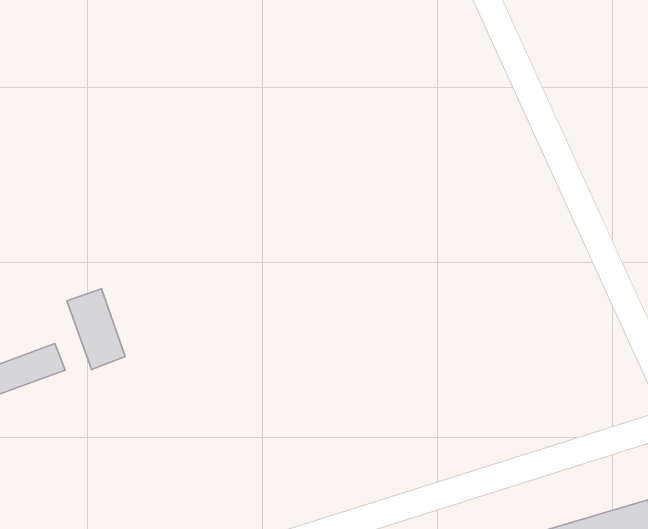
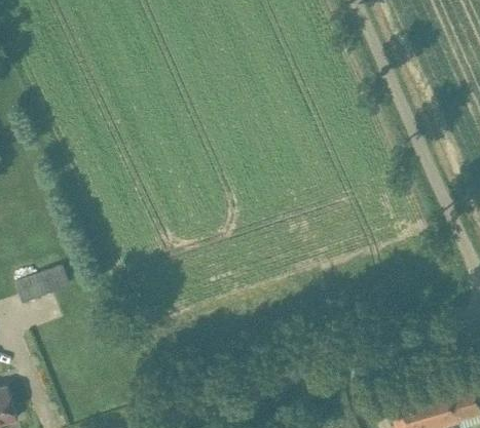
building: [67,289,125,369] -> none

